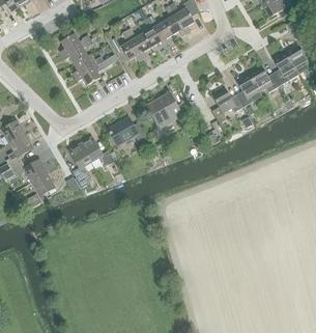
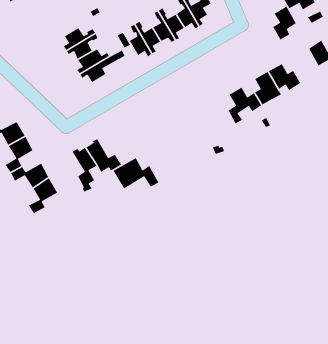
building: [272,53,295,85] -> [272,6,297,40]
building: [146,92,191,128] -> none
building: [106,116,149,146] -> [113,157,160,190]

